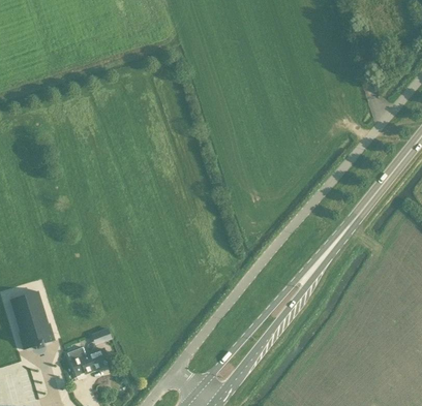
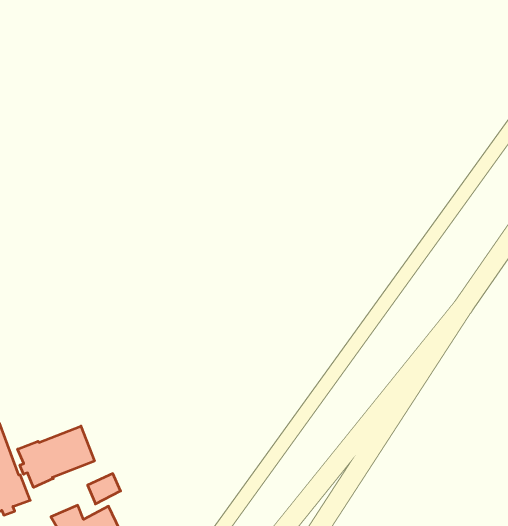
building: none -> [18,426,94,487]

